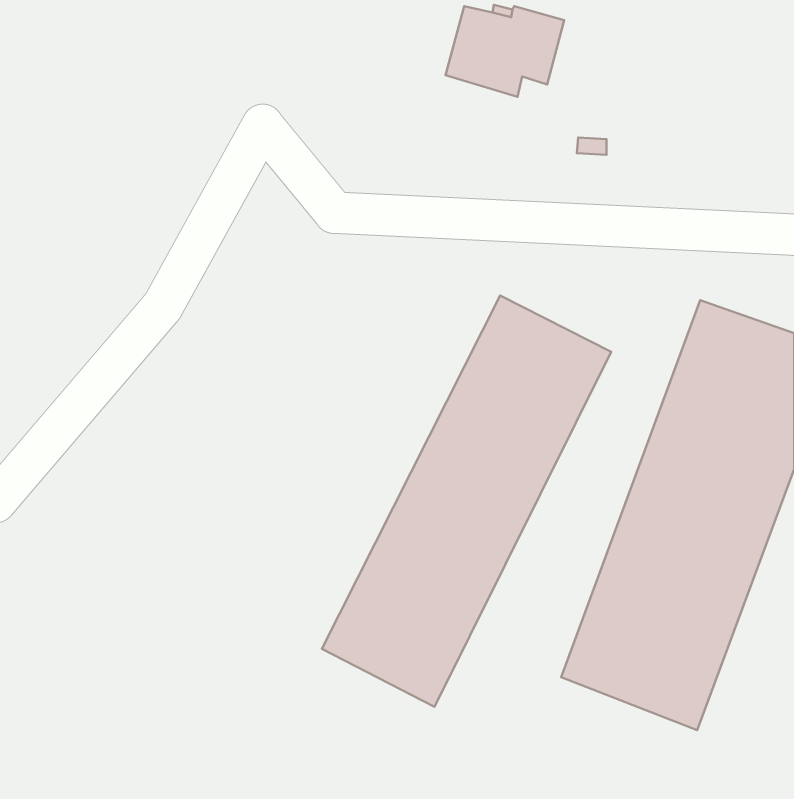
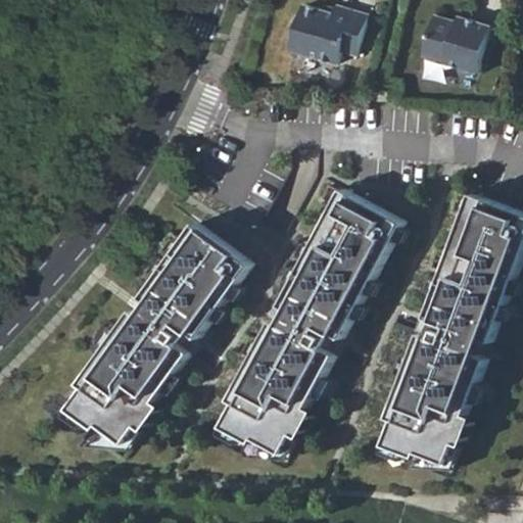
building: none -> [424,17,492,74]
building: none -> [69,220,254,443]

